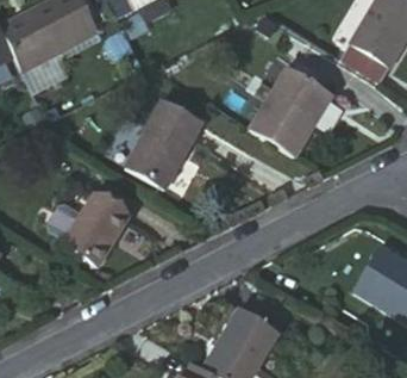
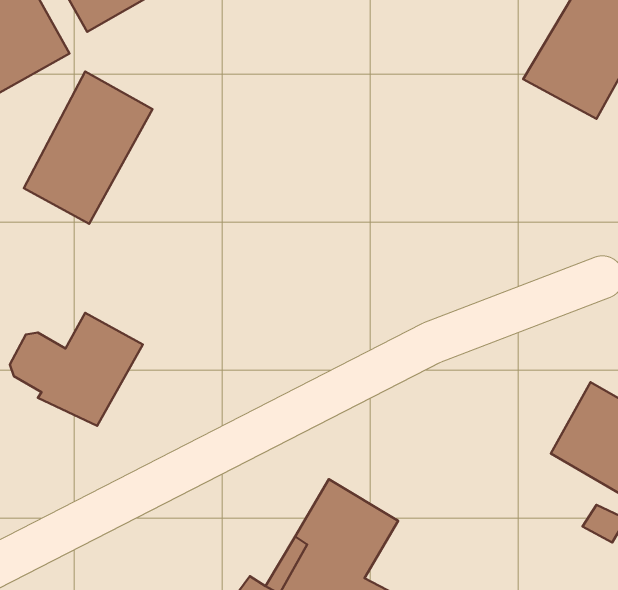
building: [262,72,343,162] -> none
building: [140,97,218,188] -> [24,71,153,224]

